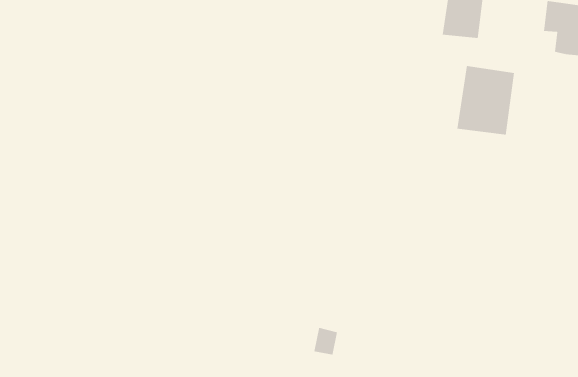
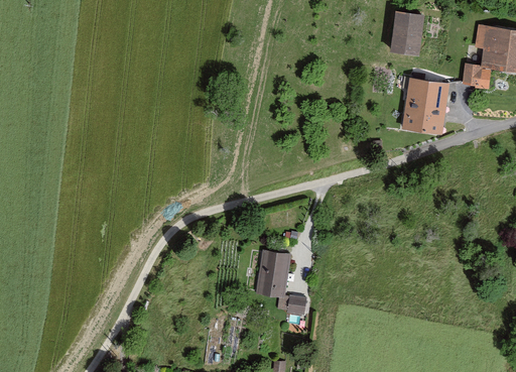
building: none -> [463,64,493,89]
building: none -> [254,249,289,297]

